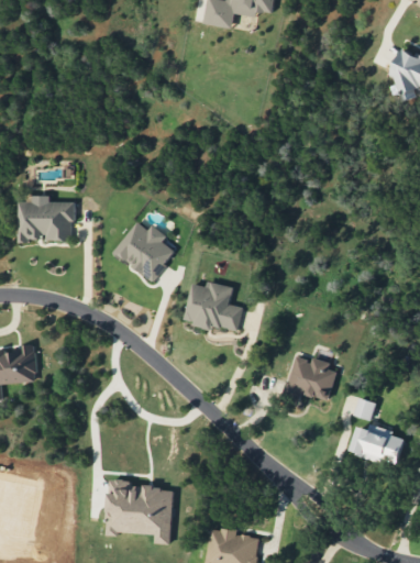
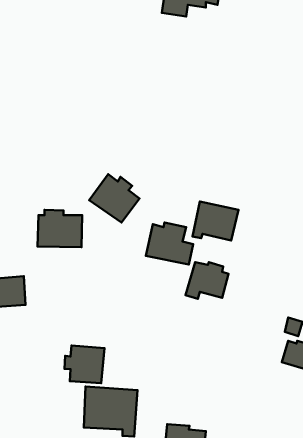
building: [19,195,74,241] -> [37,210,82,247]
building: none -> [193,201,239,241]
building: [284,356,336,401] -> [185,262,228,299]
building: none -> [65,346,105,383]

